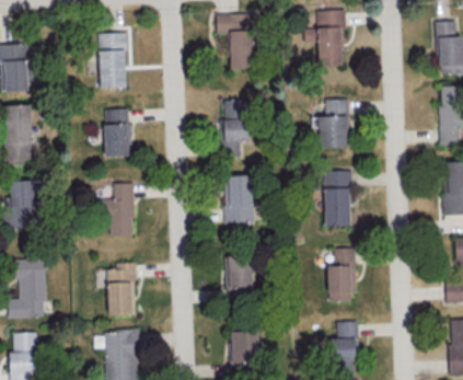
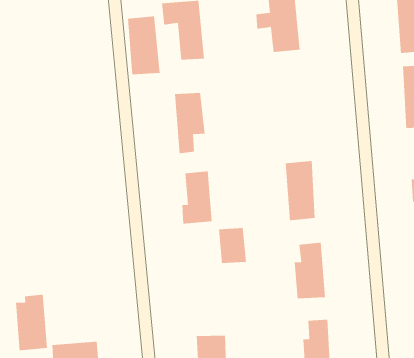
building: [99,33,127,88] -> [127,16,161,75]
building: [319,100,349,148] -> none
building: [104,110,131,158] -> none
building: [100,183,135,237] -> none
building: [228,256,253,289] -> [218,228,247,264]
building: [107,263,136,315] -> [15,294,48,351]

